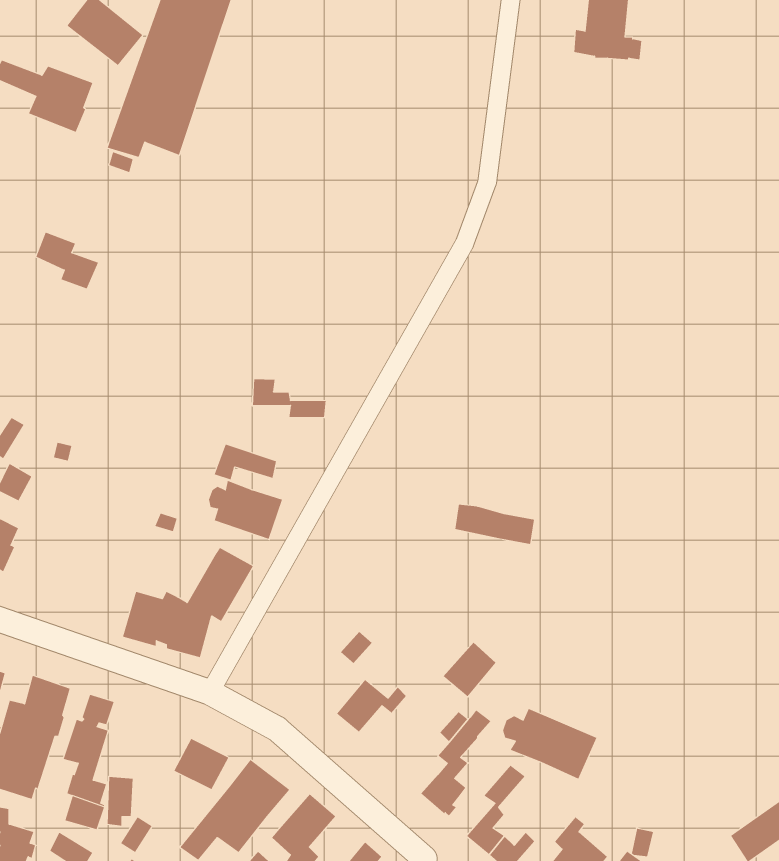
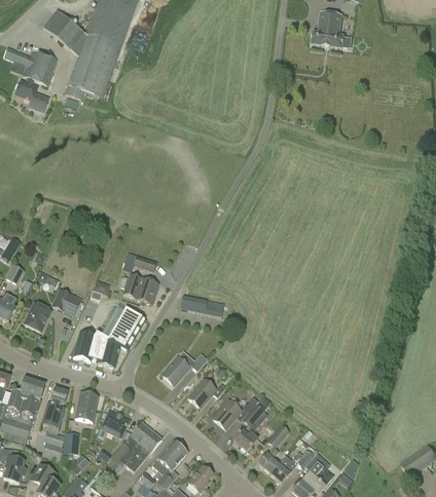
building: [36,232,99,289] -> [14,80,48,111]
building: [252,378,326,418] -> none
building: [454,504,535,544] -> [180,294,223,315]
building: none -> [51,286,82,316]
building: none -> [24,301,51,331]
building: none -> [160,355,189,384]
building: [443,642,496,697] -> [212,398,241,428]
building: none -> [74,390,98,421]
building: [502,708,597,780] -> none

